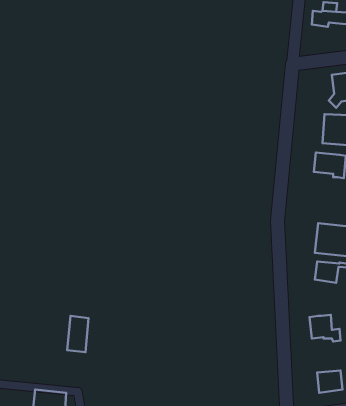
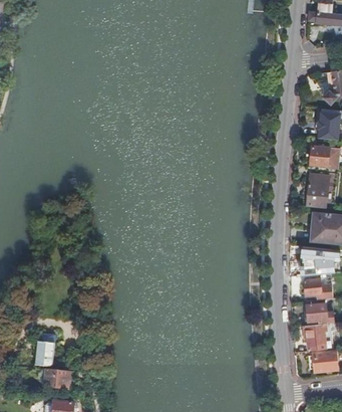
building: none -> [307,174,328,207]
building: none -> [303,278,332,299]
building: [67,316,89,352] -> [35,333,55,367]
building: none -> [302,324,326,351]

